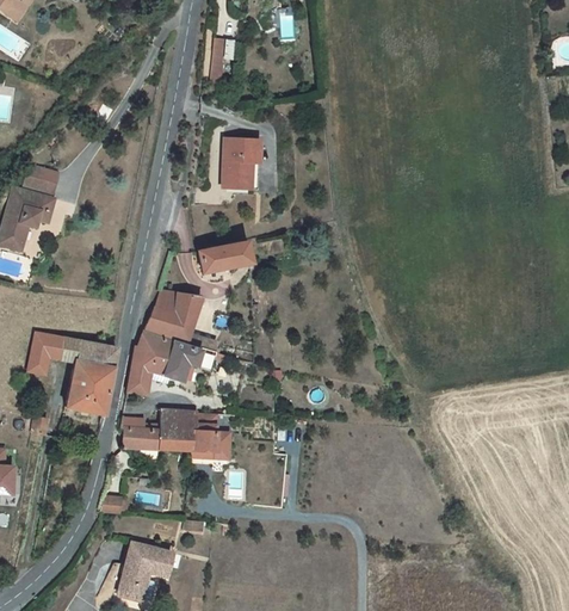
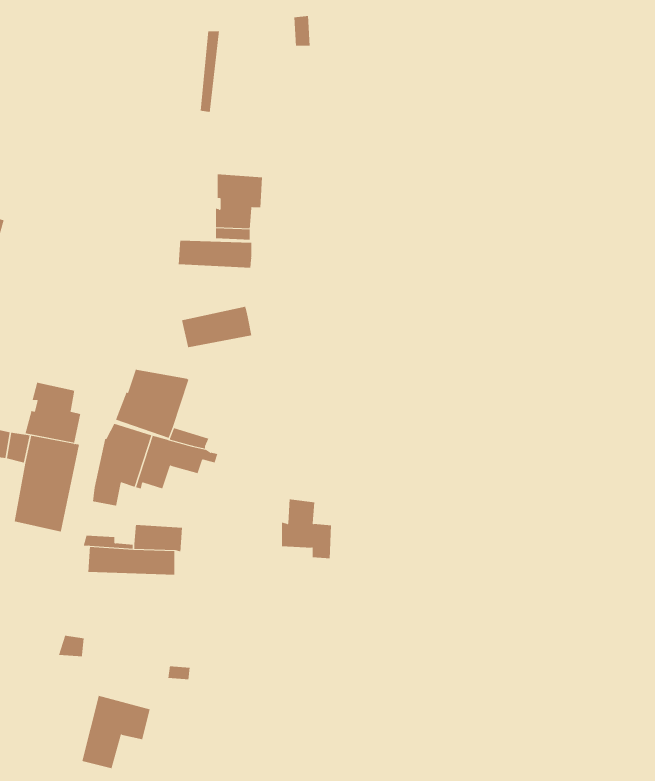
building: none -> [178,240,252,269]
building: none -> [25,382,81,444]
building: [191,413,230,459] -> [281,499,332,559]

